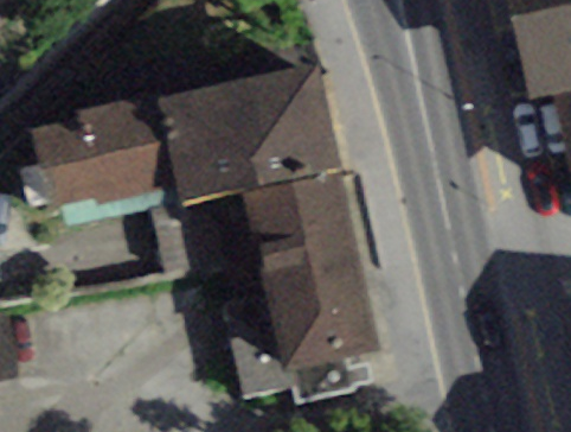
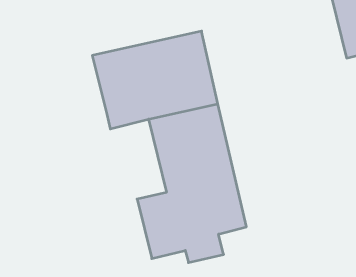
building: [32,89,180,205] -> none

